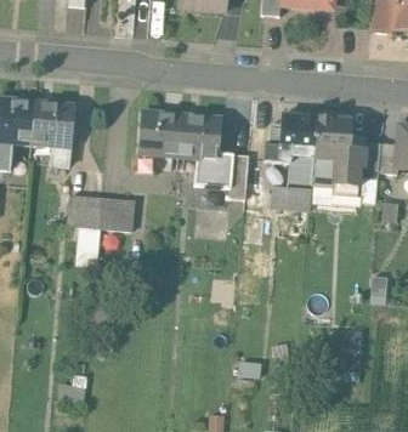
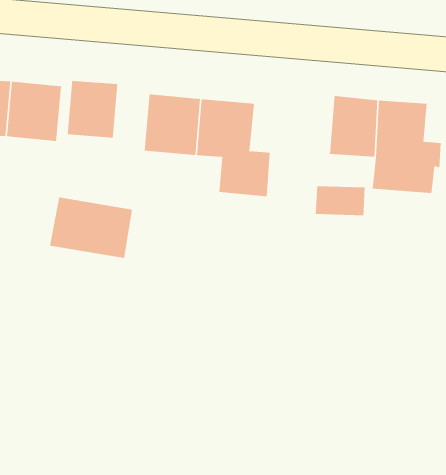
building: none -> [67,80,118,138]

